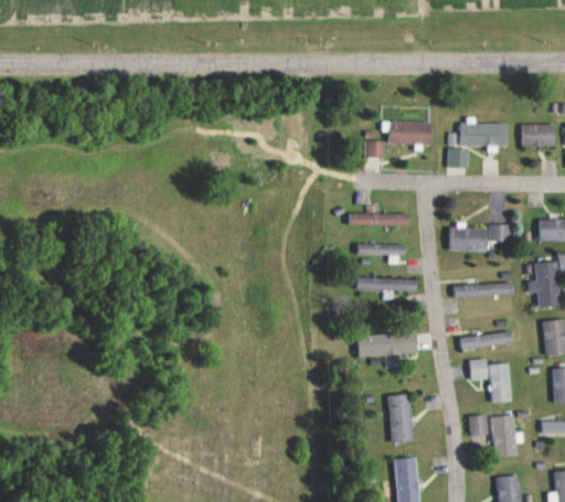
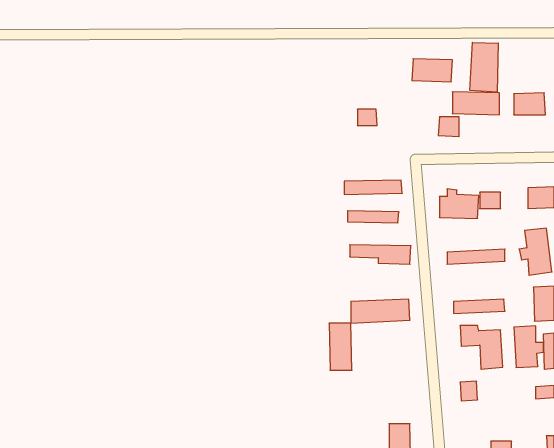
building: none -> [470,42,498,92]
building: [390,120,430,143] -> [412,59,452,82]
building: [390,394,413,441] -> [329,323,352,370]
building: [492,415,522,457] -> [514,326,543,367]

